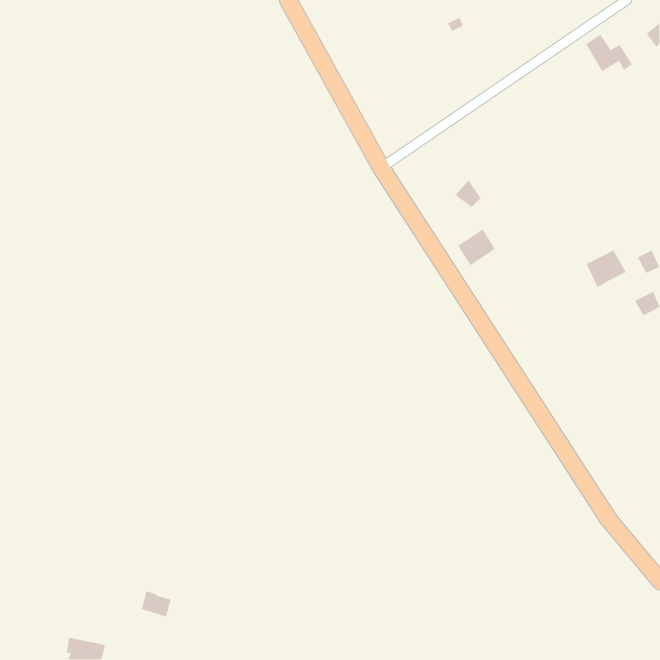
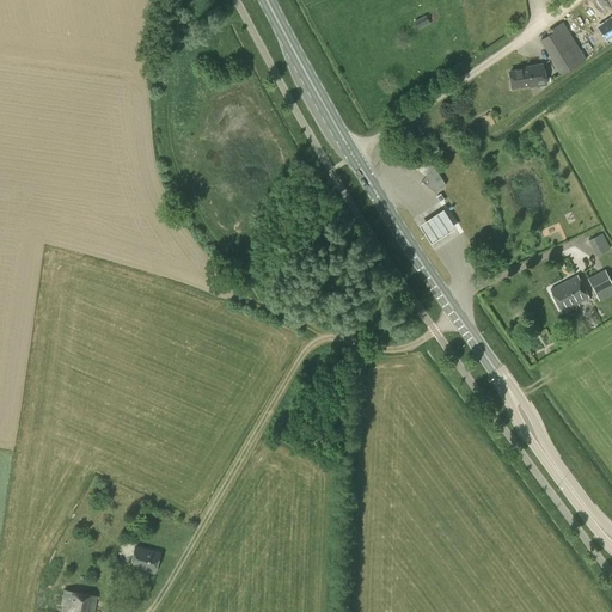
building: none -> [509,63,546,88]
building: [585,249,627,288] -> [550,276,588,312]

